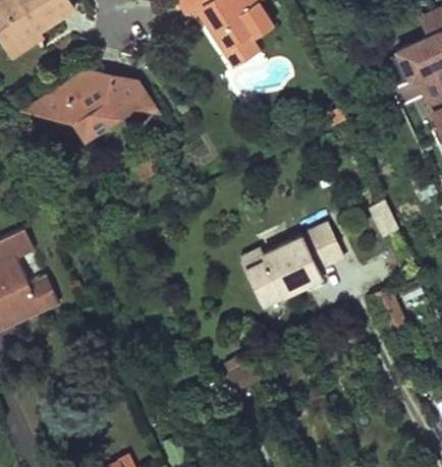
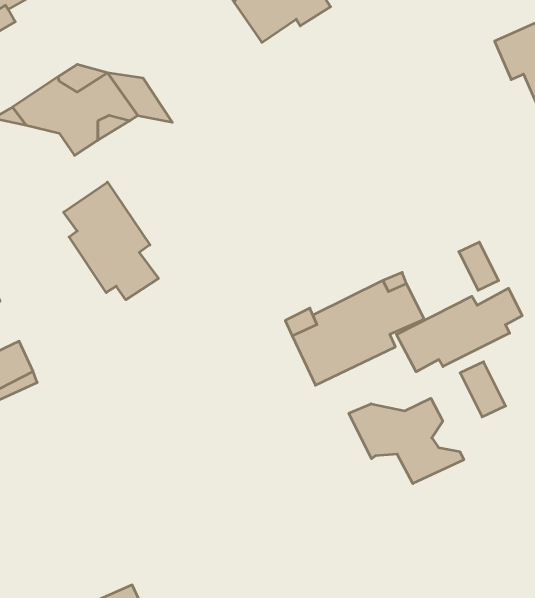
building: none -> [64,182,158,300]
building: none -> [396,288,522,372]
building: none -> [349,398,464,484]

